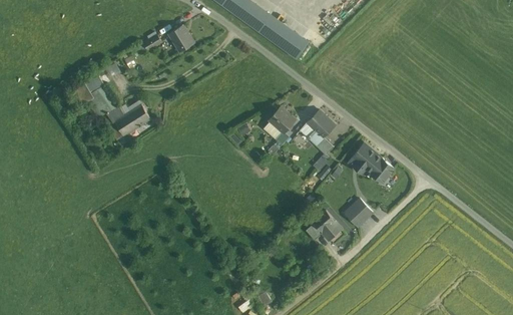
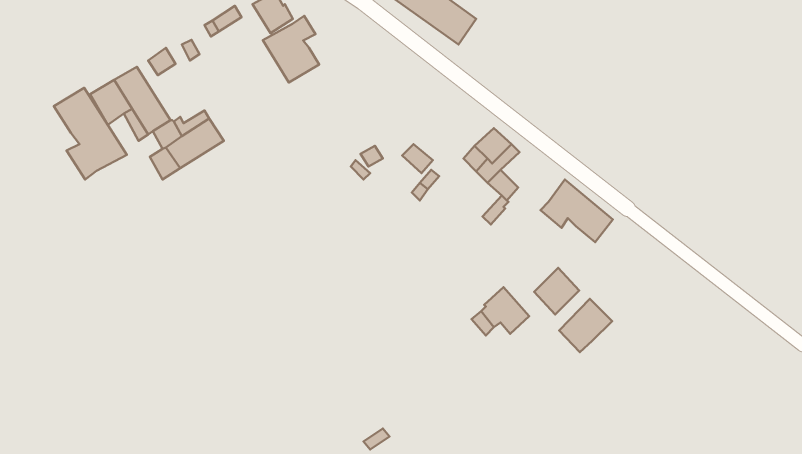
building: none -> [263,16,319,82]
building: none -> [54,88,127,180]
building: [268,106,295,132] -> none
building: none -> [559,299,612,352]

